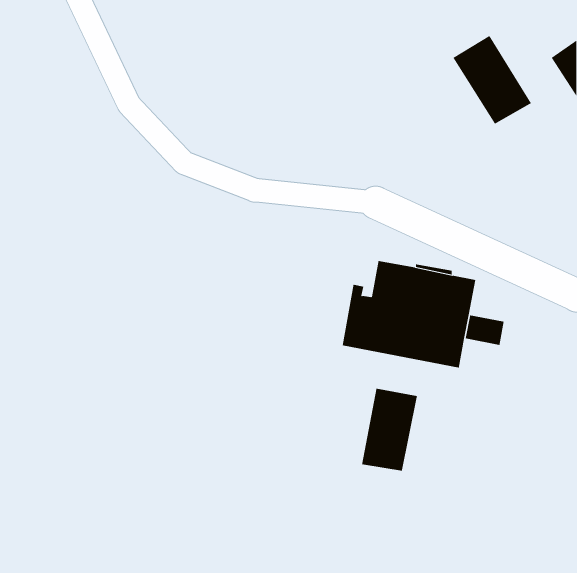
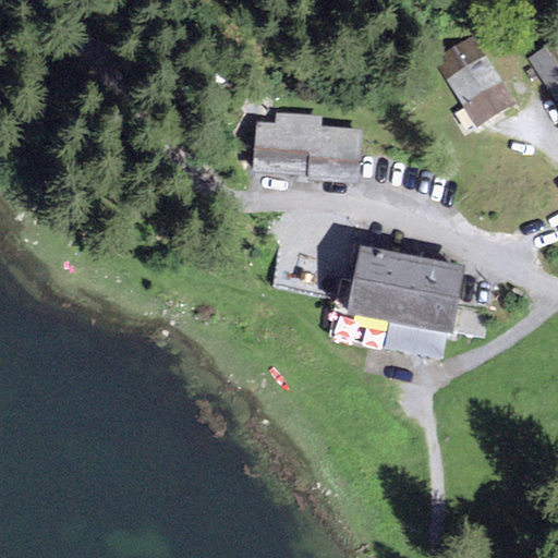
building: none -> [256,112,360,178]
building: [361,388,417,471] -> none

